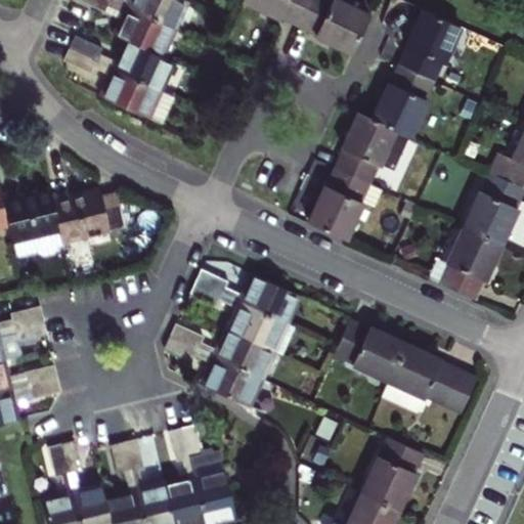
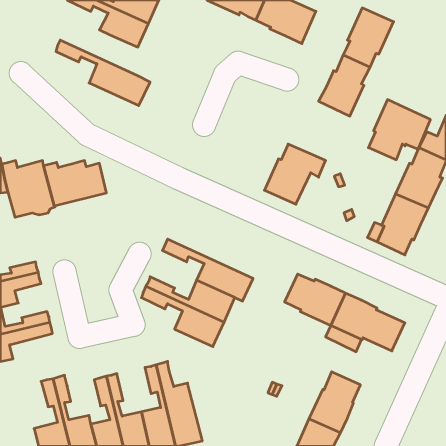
building: [71,36,174,89] -> none
building: [338,113,410,183] -> [368,100,430,160]
building: [196,270,301,322] -> none

